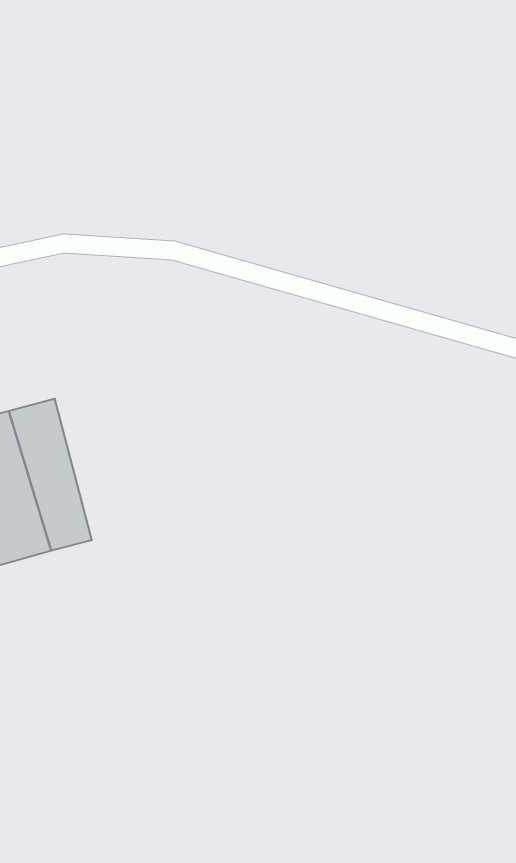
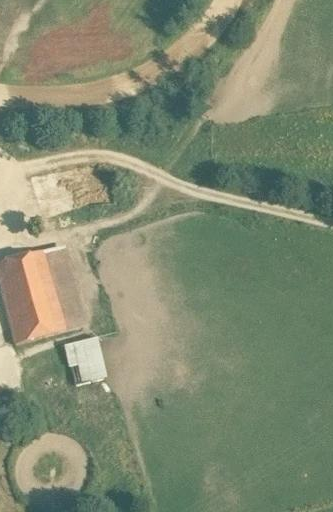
building: none -> [62,336,108,387]

